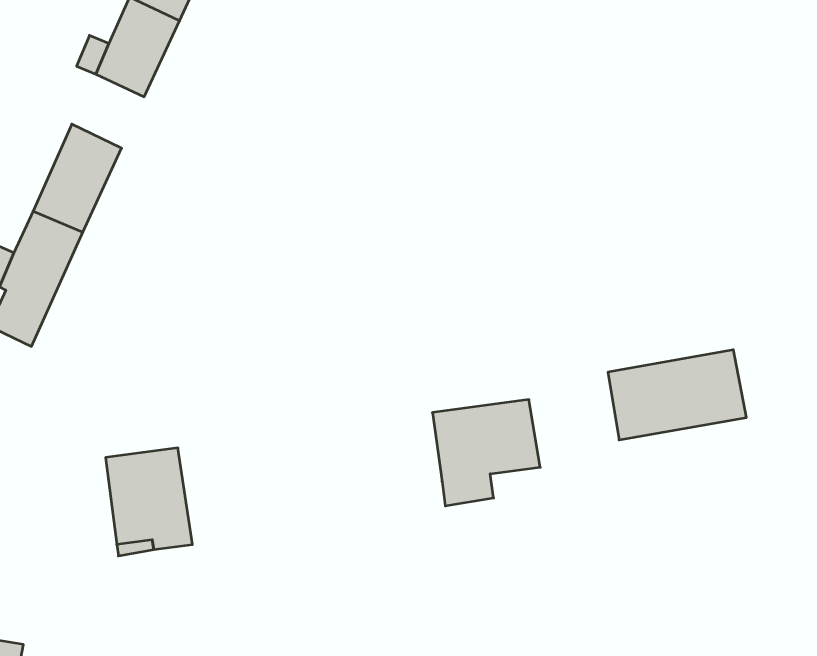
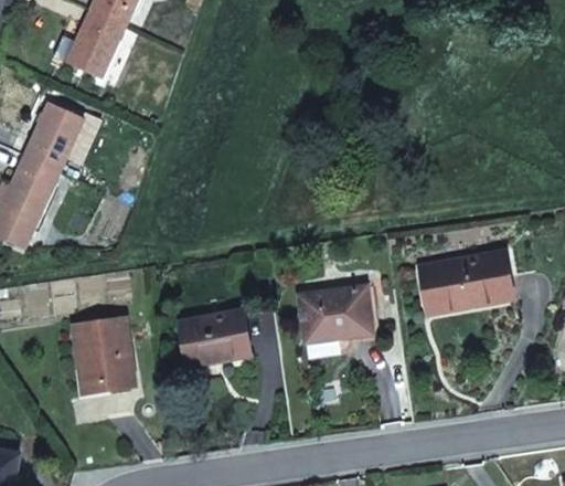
building: none -> [179,310,249,366]

